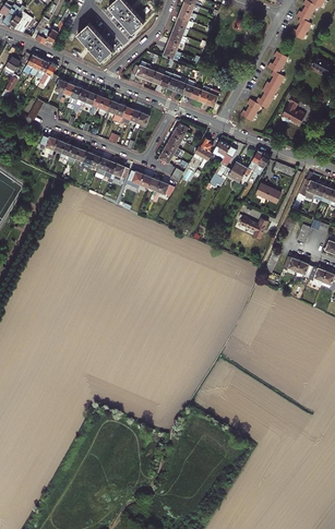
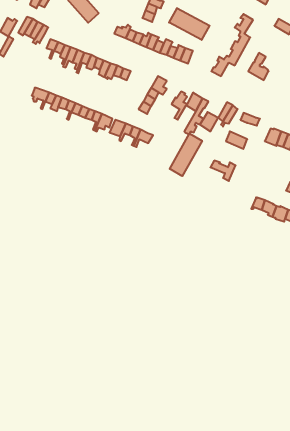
building: none -> [169,8,210,40]
building: none -> [170,134,202,176]

